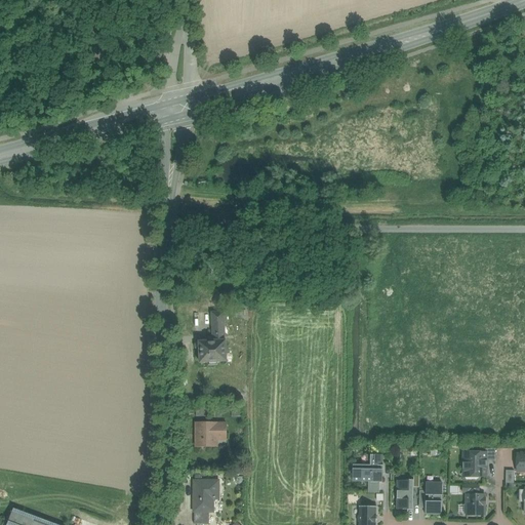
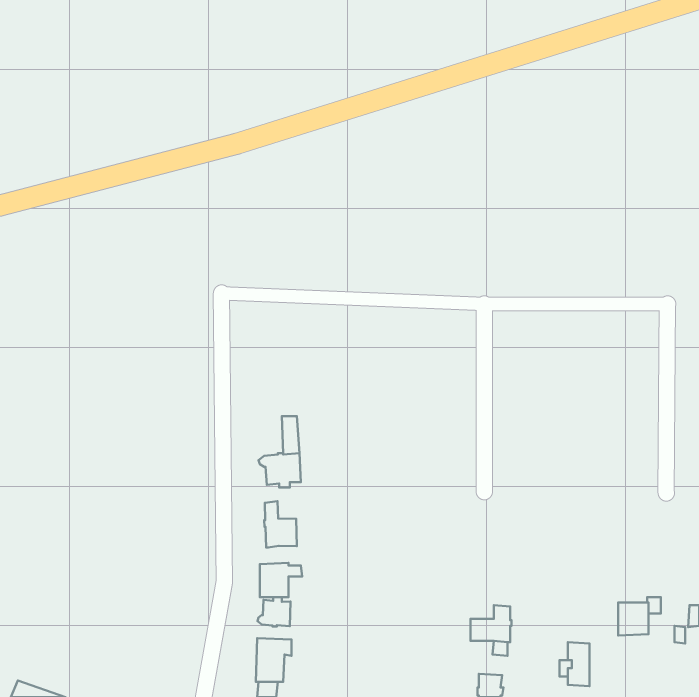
building: none -> [264,501,297,548]
building: none -> [257,597,291,627]
building: [397,479,413,509] -> none
building: [466,491,484,514] -> none

